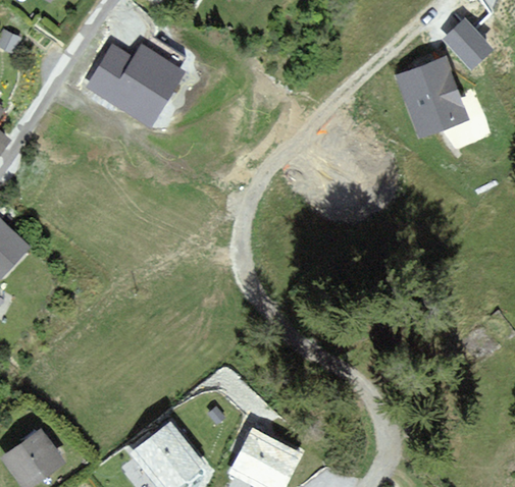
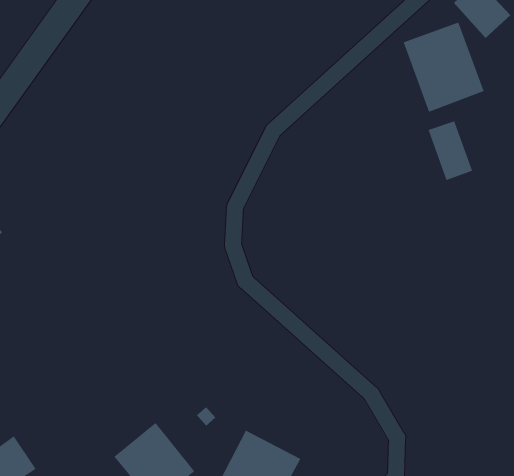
building: [90,47,182,122] -> none
building: none -> [428,121,473,181]

